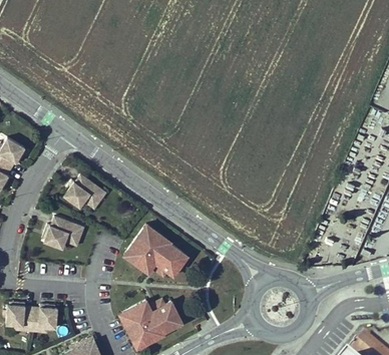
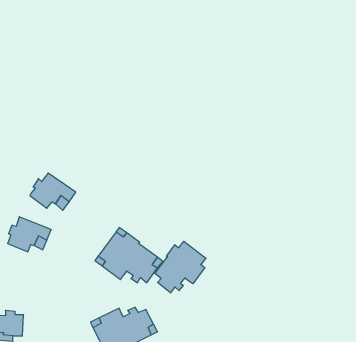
building: none -> [155,241,206,293]

